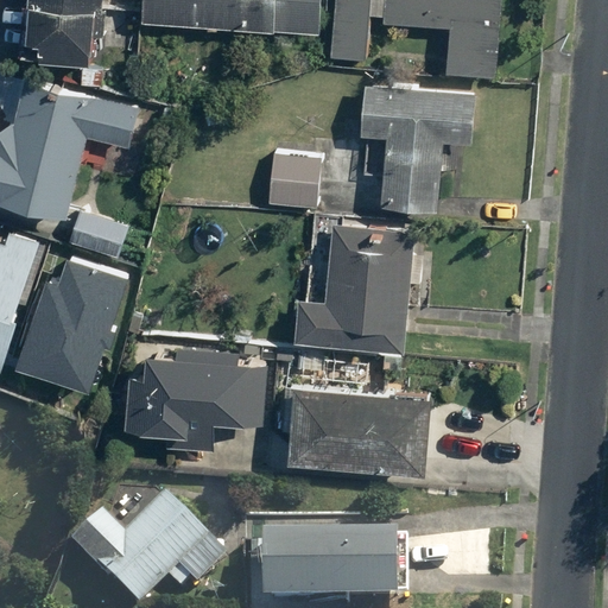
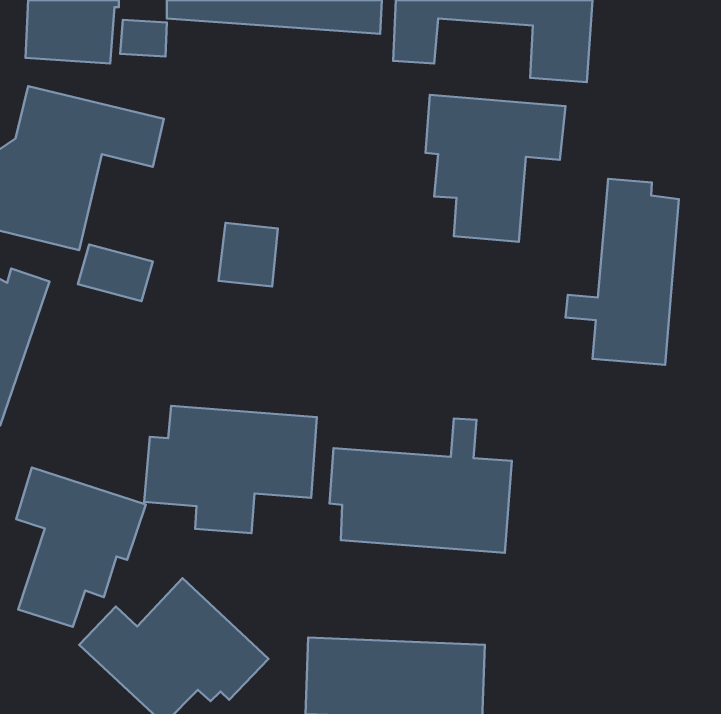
building: [270,153,319,207] -> [218,223,278,286]
building: none -> [566,179,679,365]
building: [297,227,410,352] -> none
building: [24,258,131,379] -> none
building: none -> [16,468,146,627]

